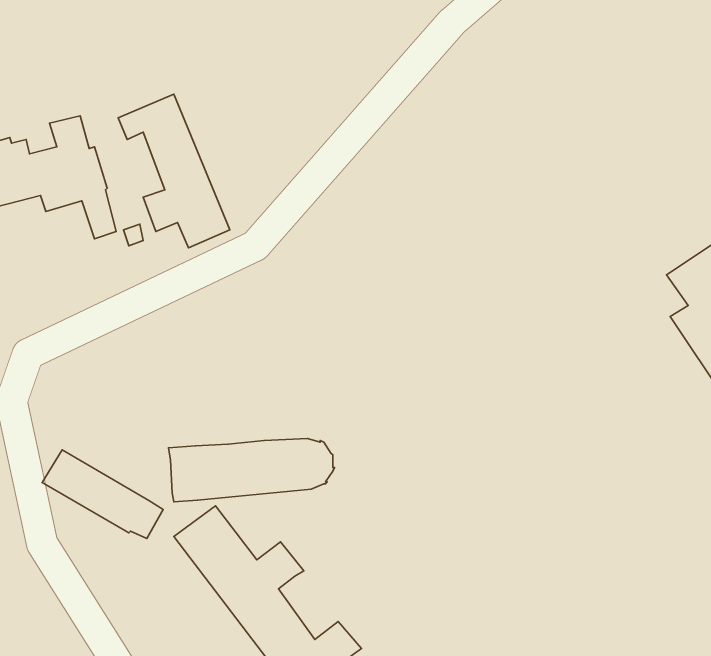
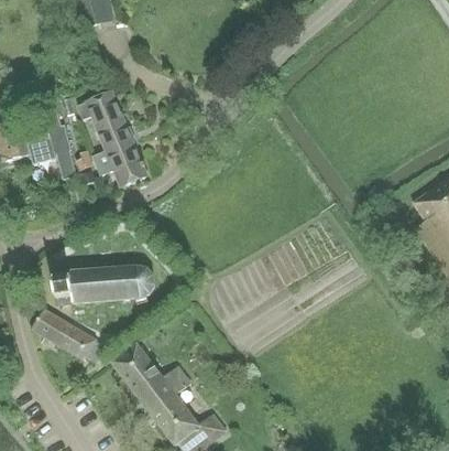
building: [169,439,335,502] -> [54,266,155,304]

